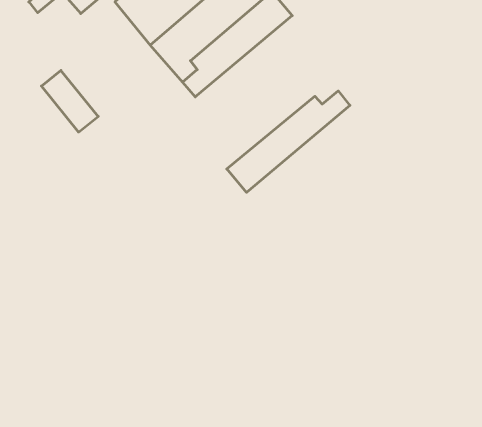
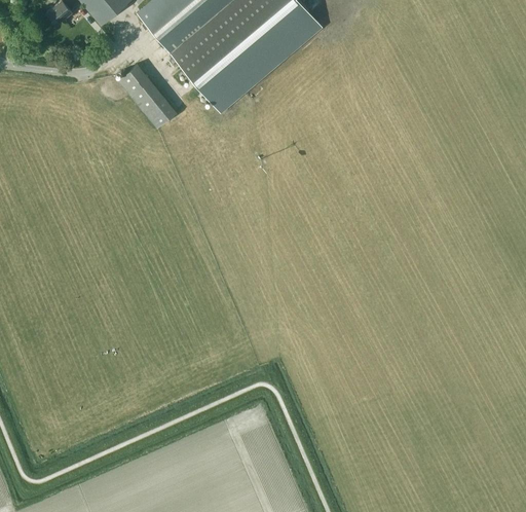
building: [41,70,98,132] -> [117,63,177,127]
building: [227,91,350,192] -> none

